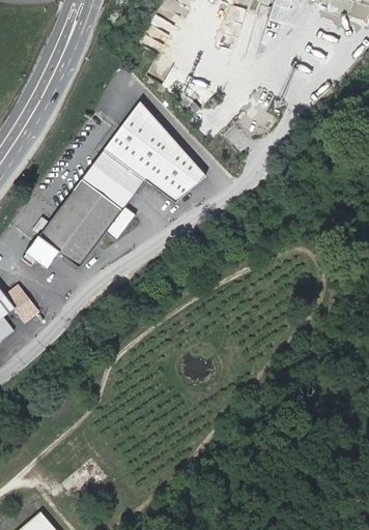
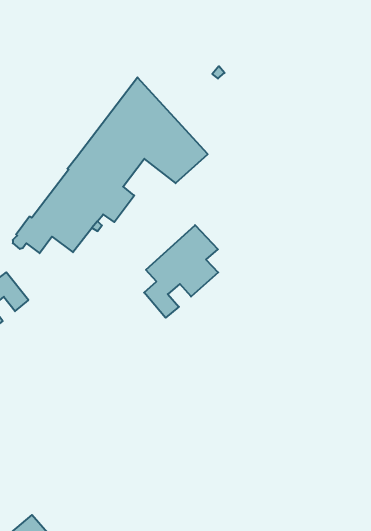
building: none -> [144,225,218,318]

